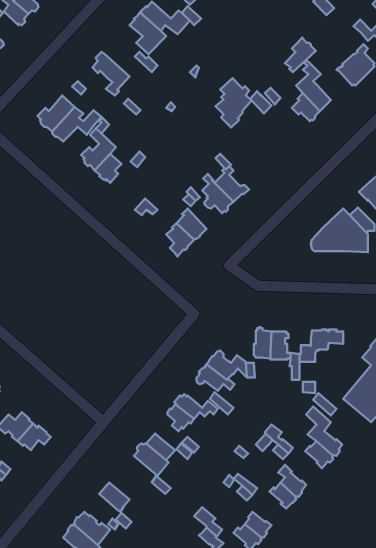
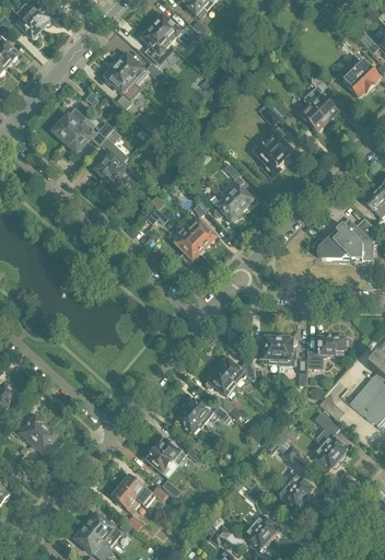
building: [285,37,316,72] -> none
building: none -> [113,52,147,88]
building: [216,78,251,128] -> [256,127,291,175]
building: none -> [120,474,166,505]

